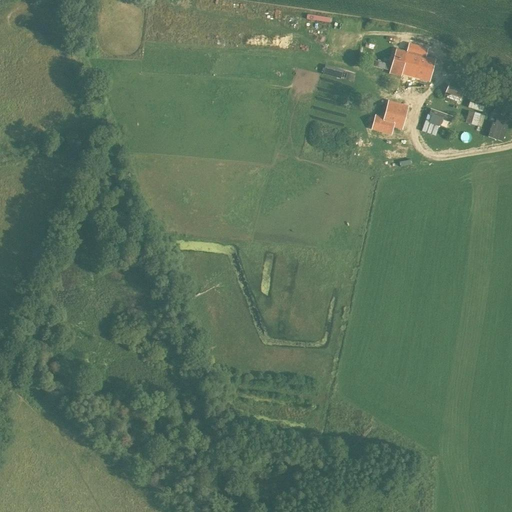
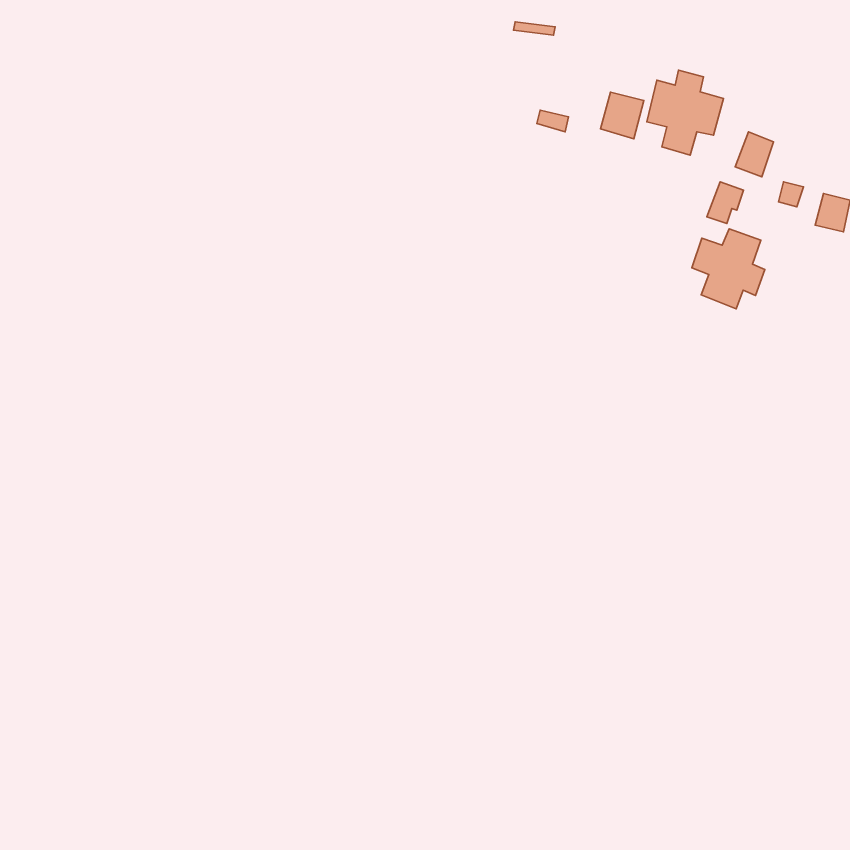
building: [381,100,407,128] -> [601,92,644,139]
building: none -> [692,229,765,309]

